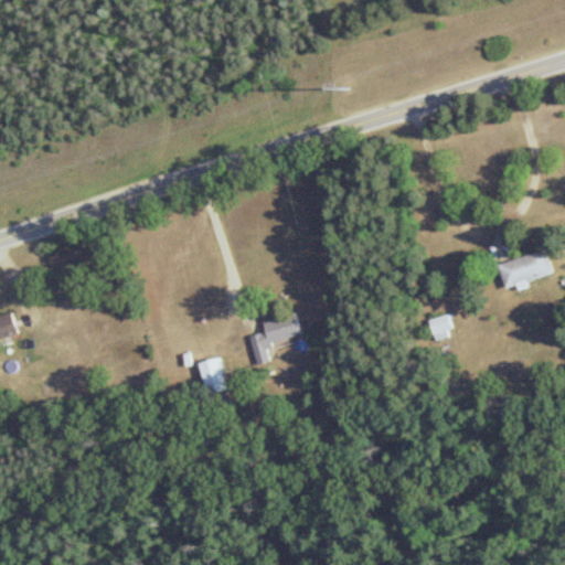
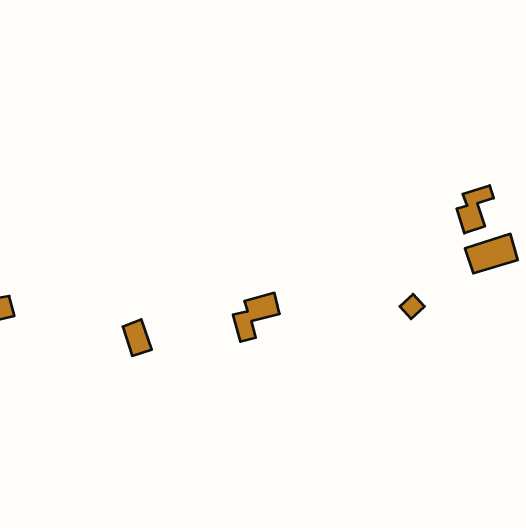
building: none -> [457,185,494,233]
building: [196,356,227,395] -> [123,319,152,356]

